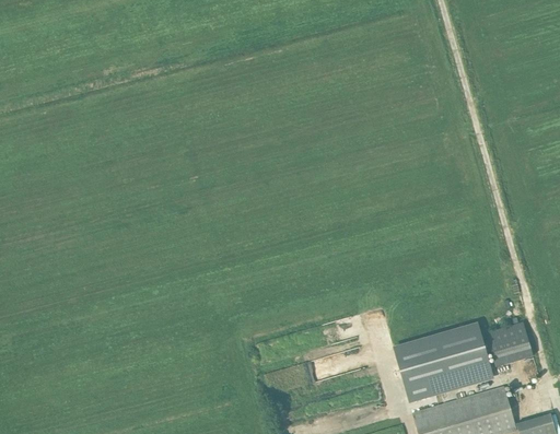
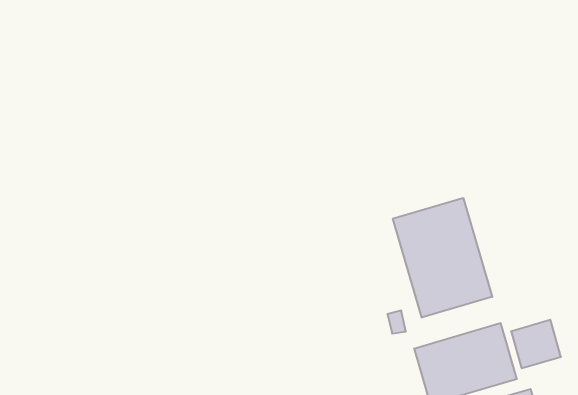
building: none -> [393,198,492,318]

